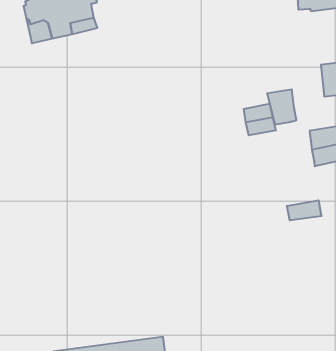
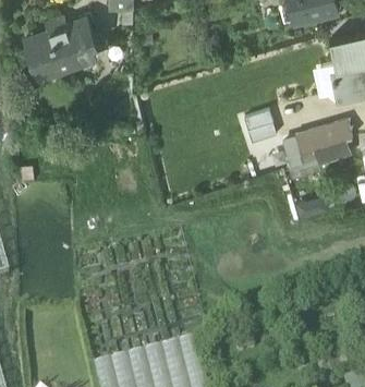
building: [267,89,296,125] -> [285,131,316,166]

